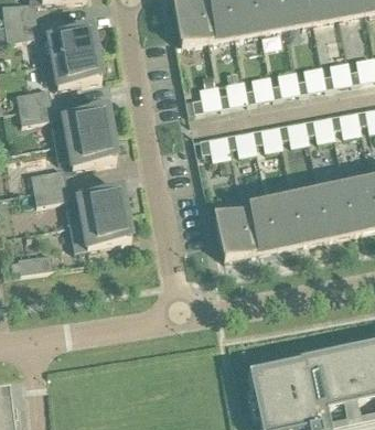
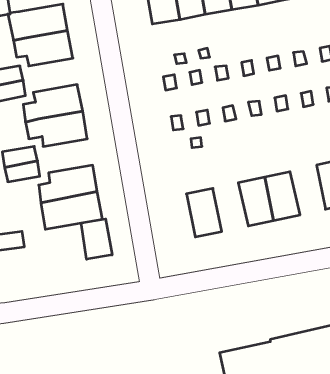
building: [319,185,354,235] -> none
building: [242,203,277,251] -> none
building: none -> [81,219,112,259]

